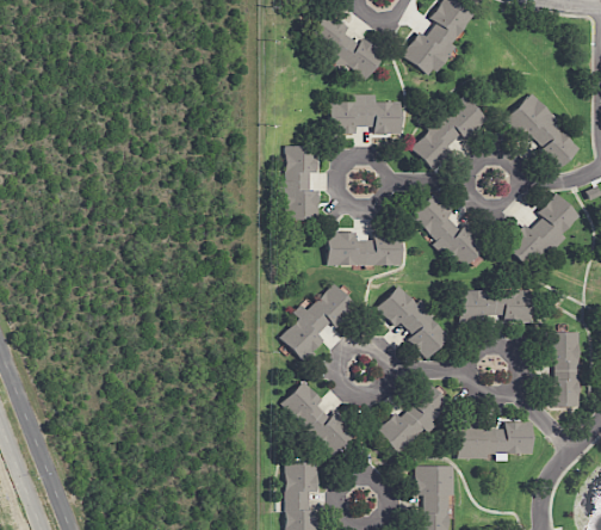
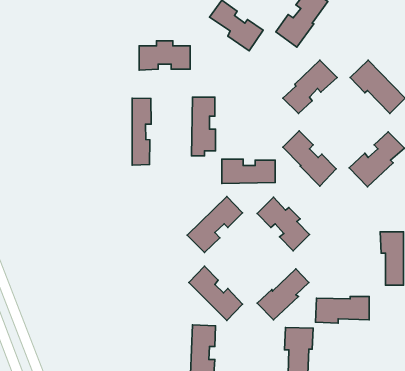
building: [330,95,401,136] -> [139,41,190,70]
building: none -> [132,98,151,165]
building: [463,290,532,323] -> none

